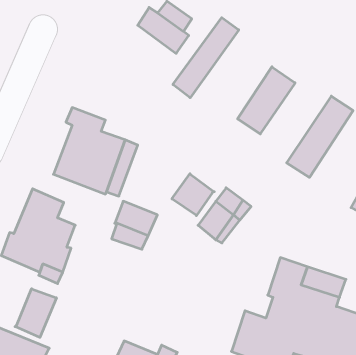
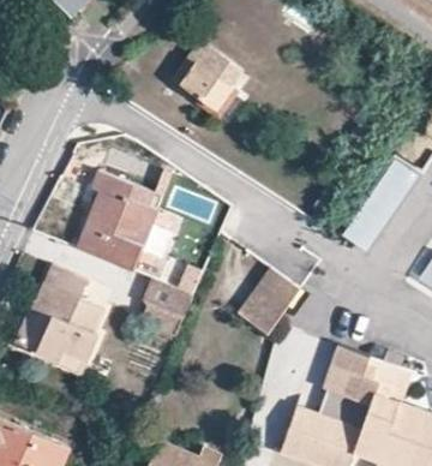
building: [173,18,239,98] -> none
building: [238,67,295,134] -> none
building: [172,174,214,216] -> none
building: [15,289,56,337] -> none

